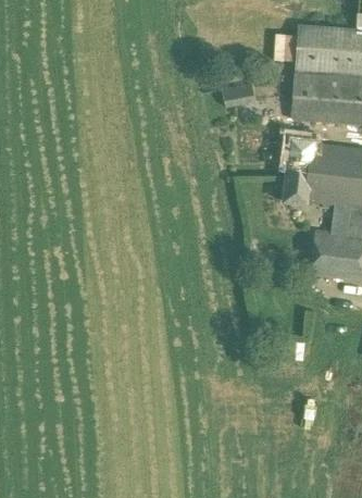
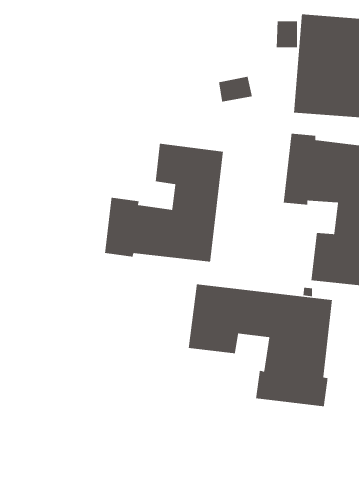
building: none -> [104,143,224,263]
building: none -> [188,284,333,407]

